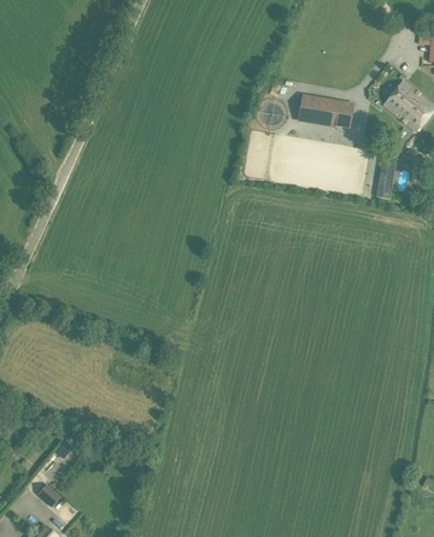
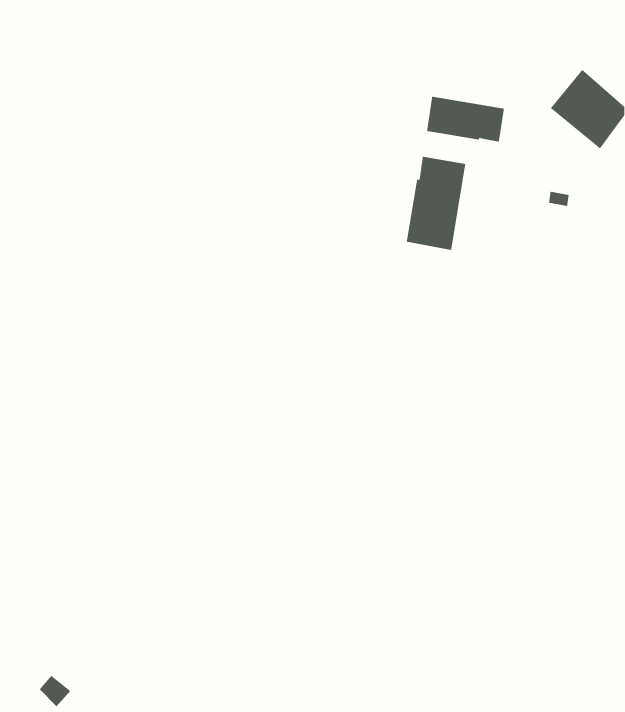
building: none -> [406,156,466,251]

